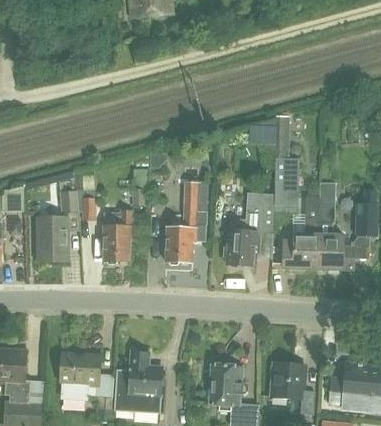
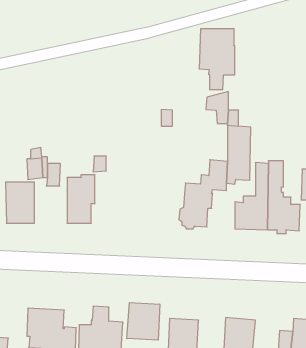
building: none -> [199,28,234,90]
building: [165,181,206,262] -> none
building: none -> [127,303,160,340]

